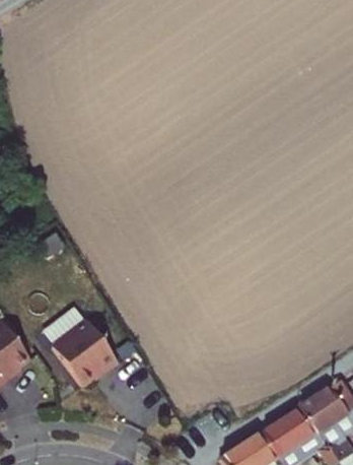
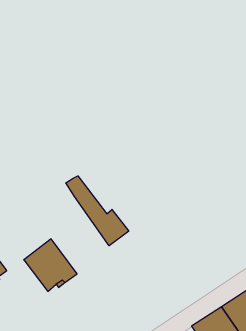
building: none -> [66,176,129,246]

